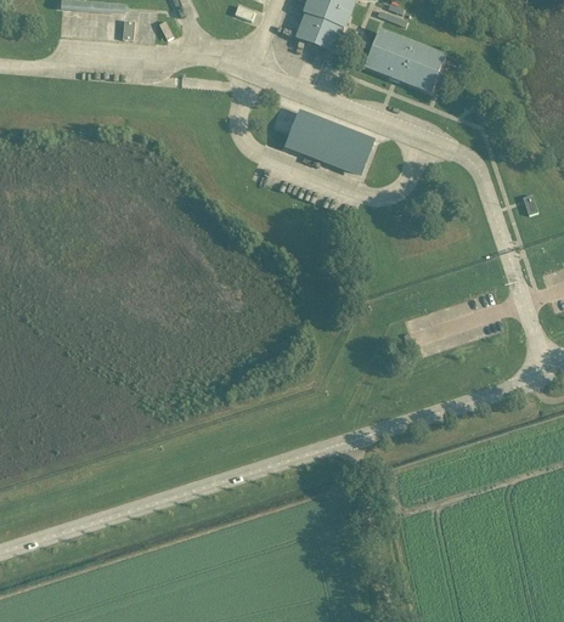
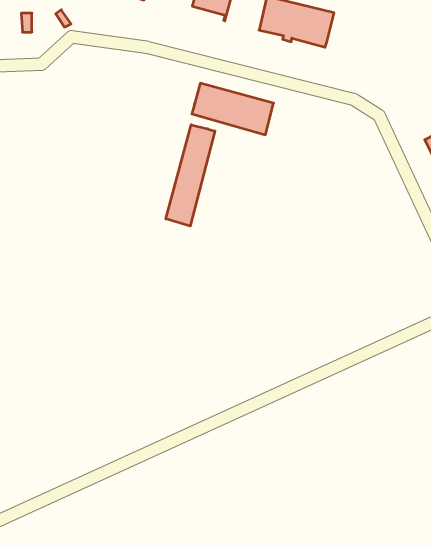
building: none -> [166,125,215,226]

